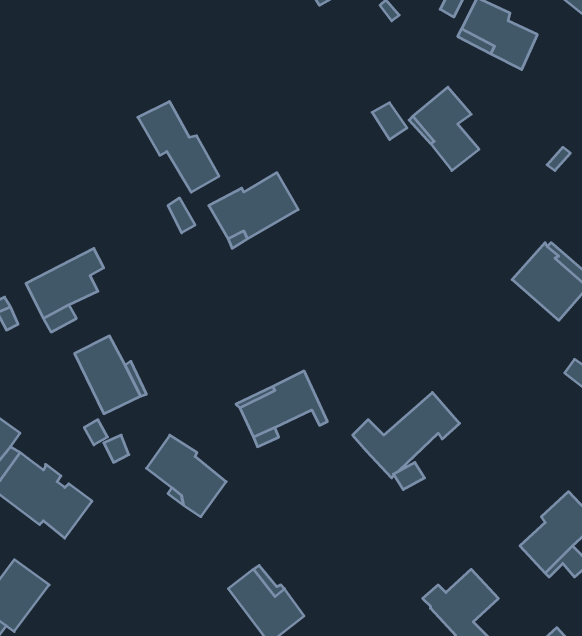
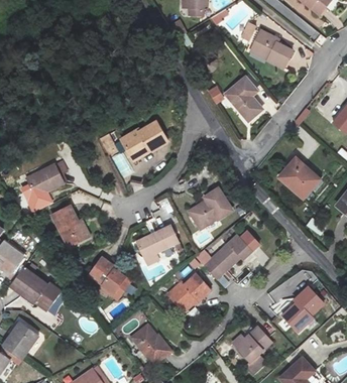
building: [138,101,219,192] -> none
building: none -> [189,187,232,229]
building: none -> [169,273,211,311]

